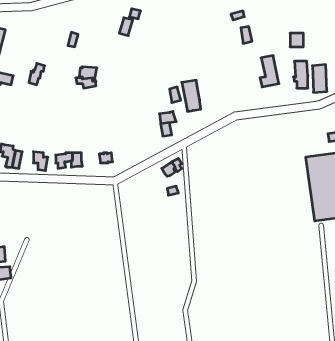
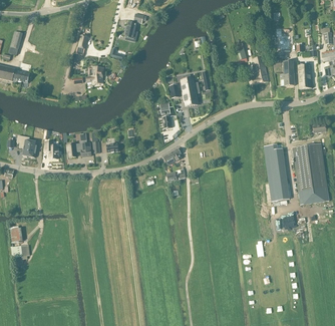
building: none -> [264,143,289,201]

